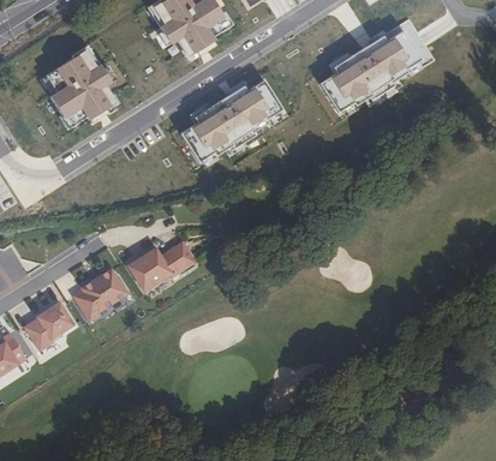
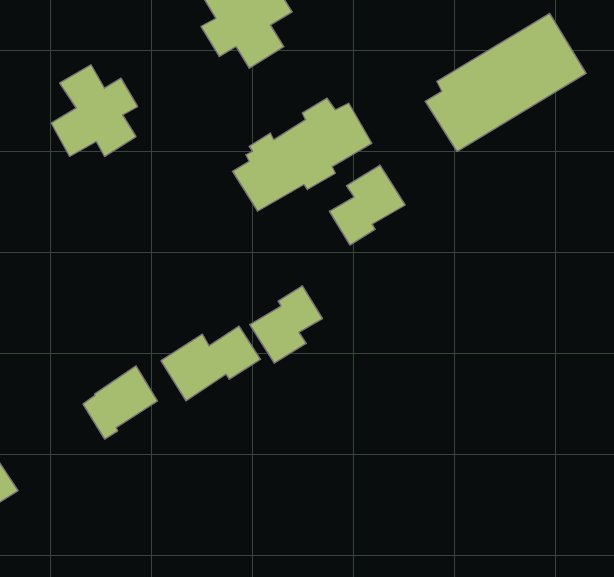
building: none -> [329,165,405,245]
building: none -> [250,286,322,363]
building: [22,304,71,353] -> none

